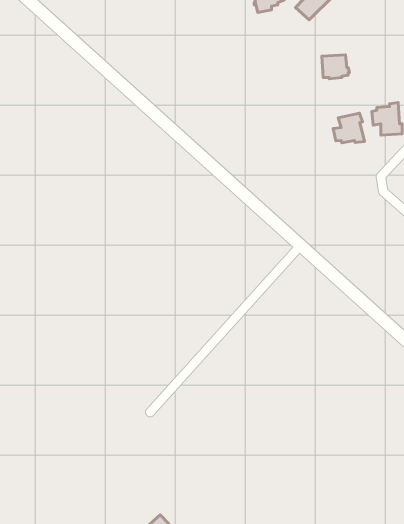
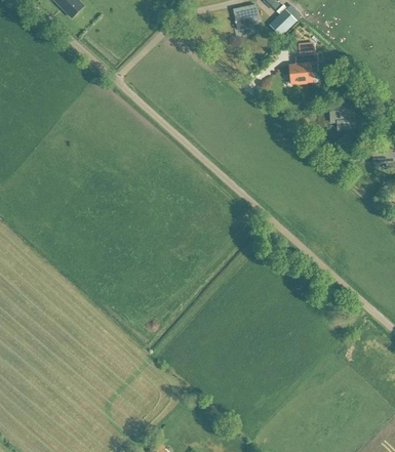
building: [333,113,364,143] -> none

